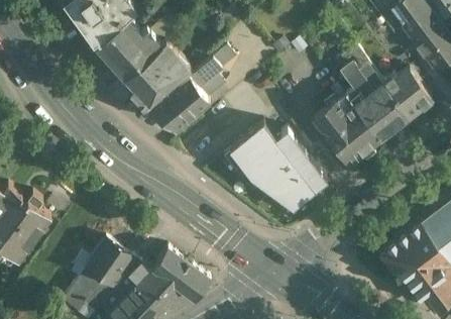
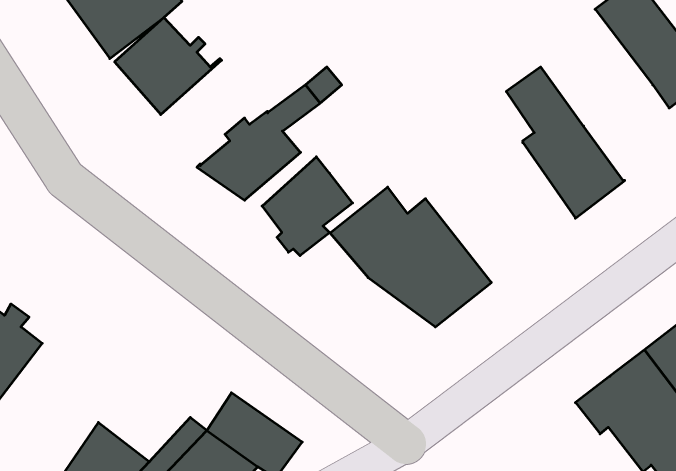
building: [125,48,181,109] -> [262,157,353,256]
building: [383,72,432,119] -> none
building: [314,96,378,166] -> none
building: [86,239,142,292] -> none

